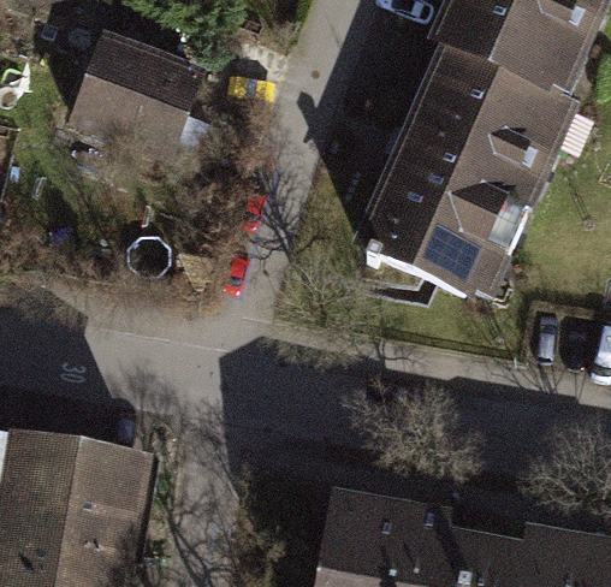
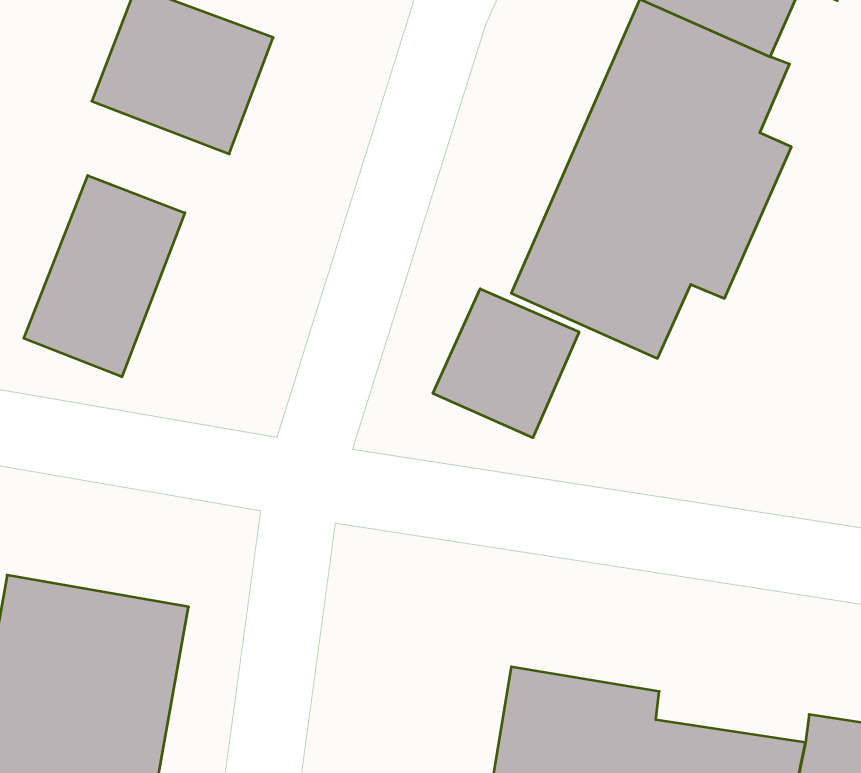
building: none -> [24,175,185,377]
building: none -> [433,289,579,438]

